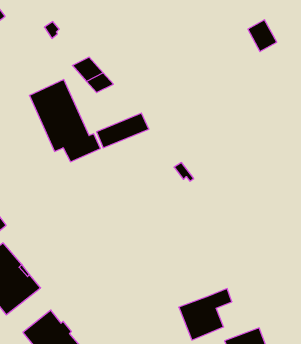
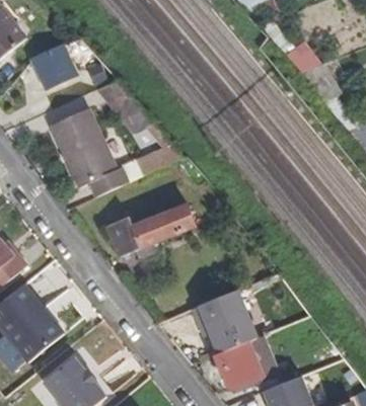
building: none -> [30,45,74,88]
building: none -> [105,205,194,256]
building: none -> [196,296,246,353]

